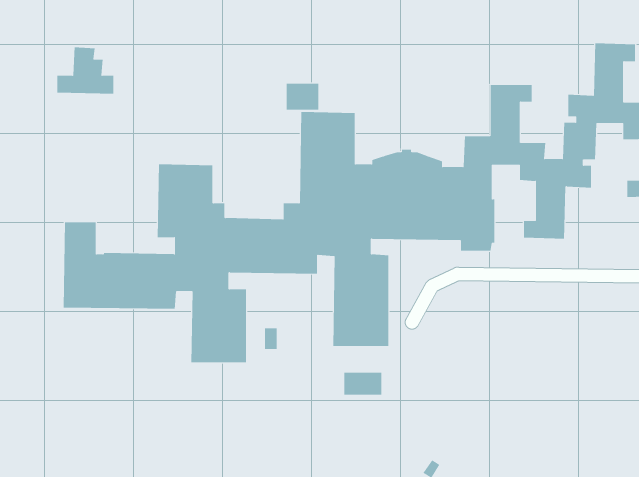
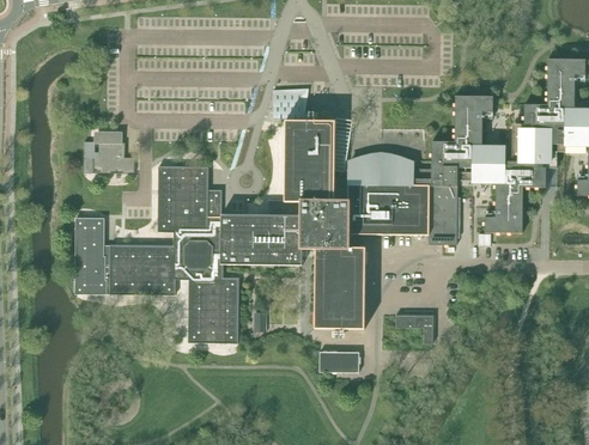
building: [56,47,114,94] -> [84,130,135,172]
building: none -> [395,313,433,342]

